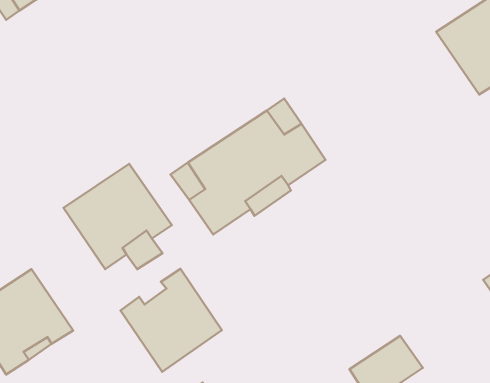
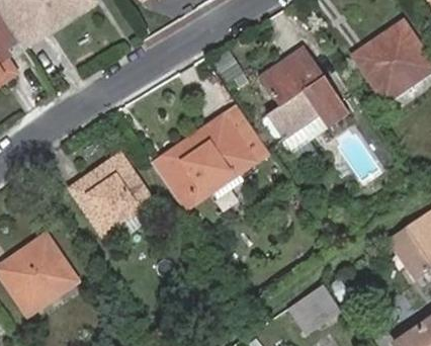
building: none -> [259,45,349,150]
building: [121,269,222,372] -> none

